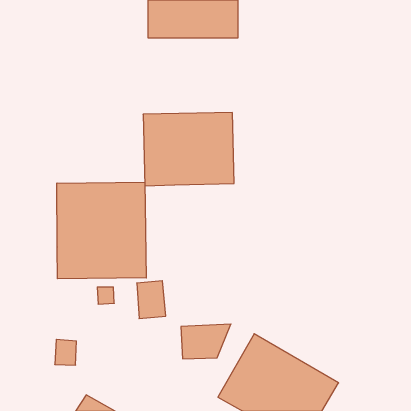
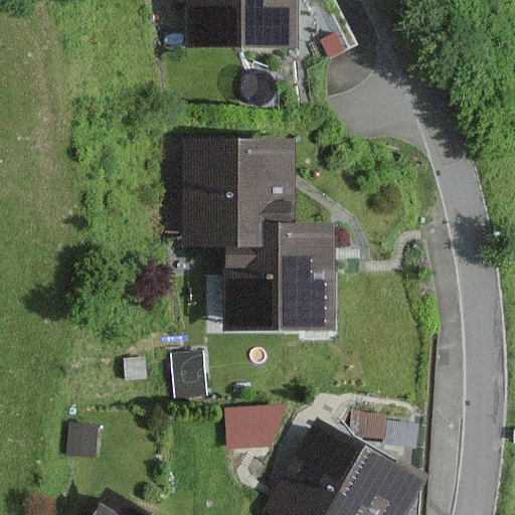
building: [57,182,146,279] -> none
building: none -> [218,229,334,327]

